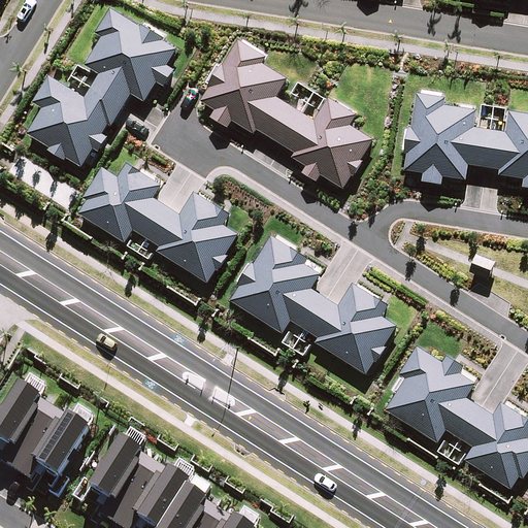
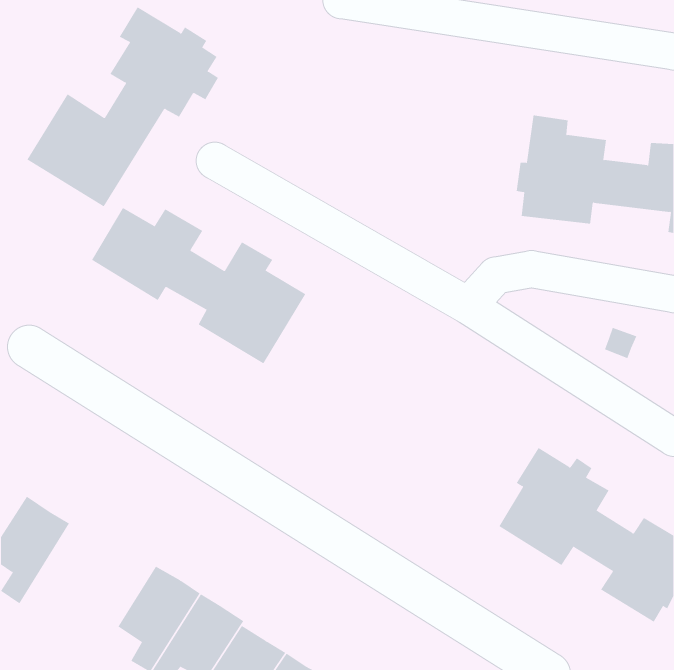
building: [200,40,369,187] -> none
building: [233,236,399,374] -> none
building: [15,412,90,485] -> none

